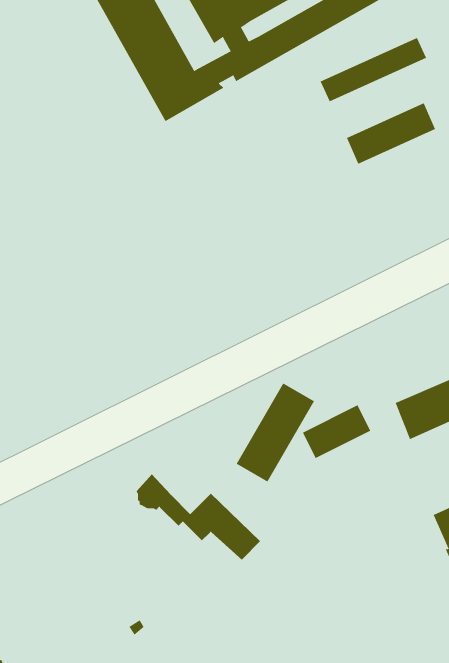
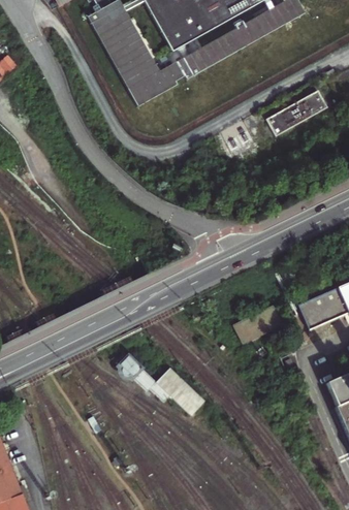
building: [320,37,427,102] -> none
building: [236,383,315,482] -> none

